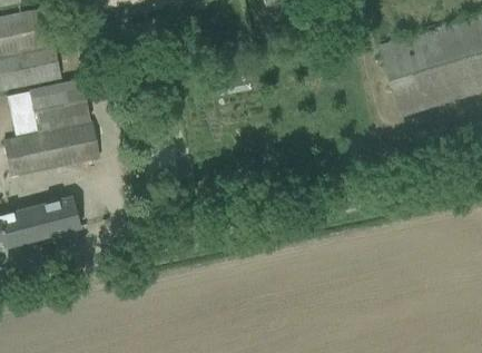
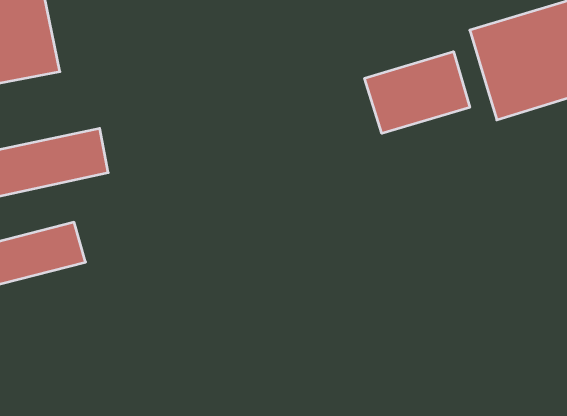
building: none -> [365,52,470,133]
building: [17,78,88,128] -> none

